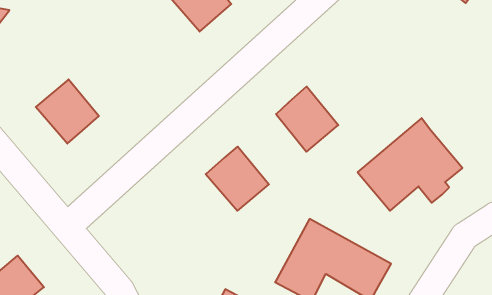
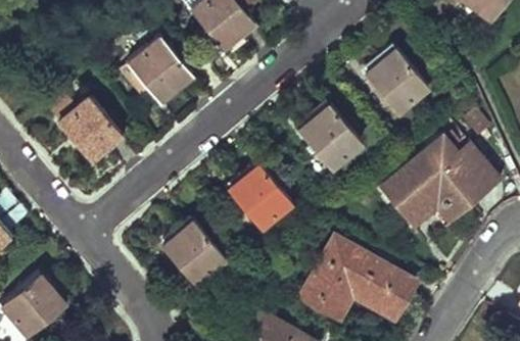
building: none -> [129,39,192,103]
building: none -> [366,50,428,114]
building: none -> [455,138,503,206]
building: none -> [162,223,226,286]

